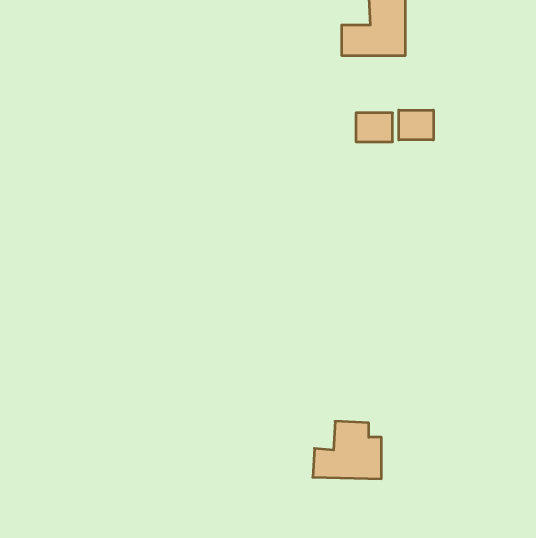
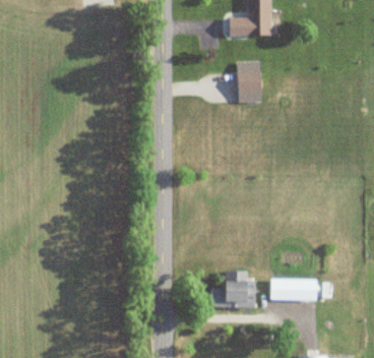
building: [399,110,433,140] -> none
building: none -> [271,279,329,299]

